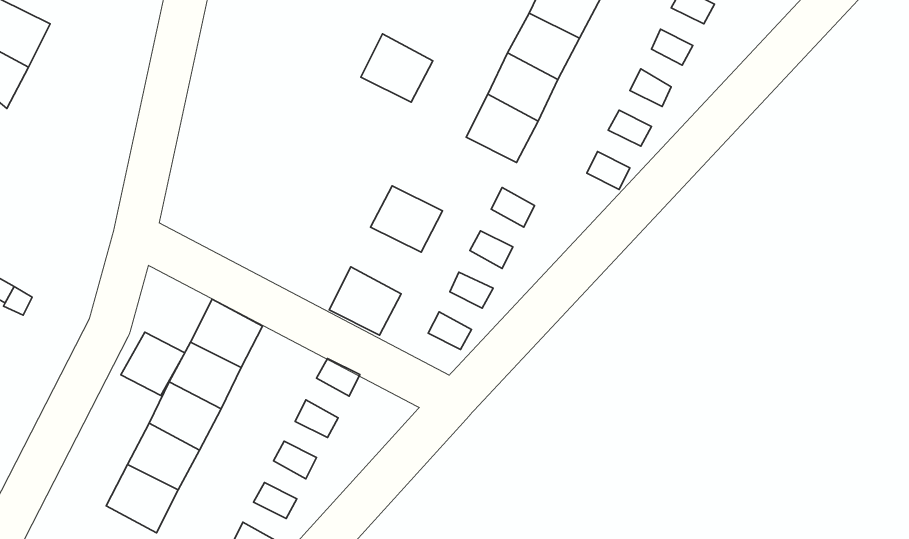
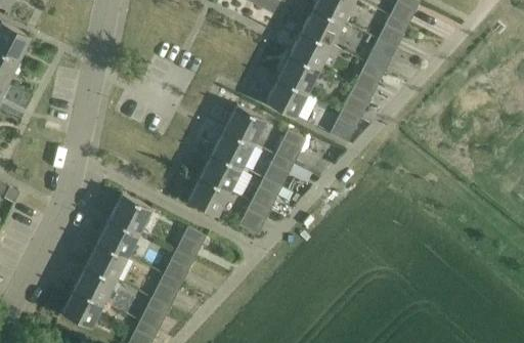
building: [361,34,433,102] -> [224,105,265,144]
building: none -> [201,154,241,191]
building: [121,332,185,396] -> none

